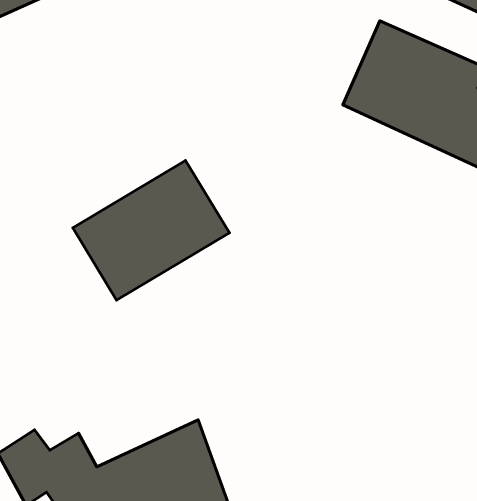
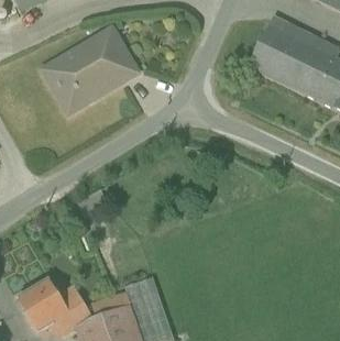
building: [73,161,229,300] -> [35,24,138,116]

